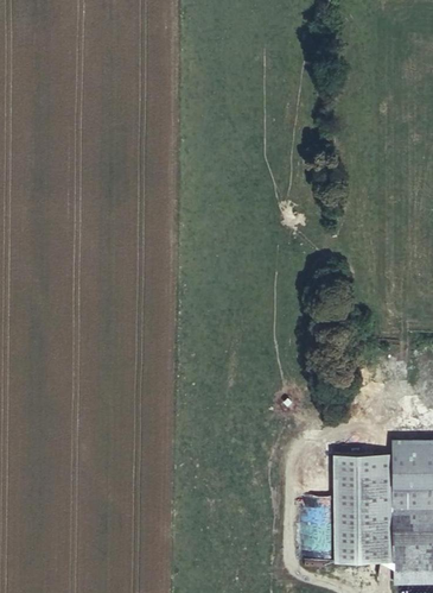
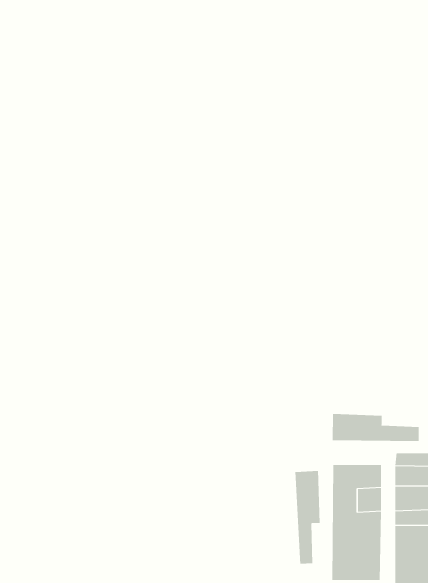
building: none -> [332,413,419,442]
building: none -> [295,470,320,565]

